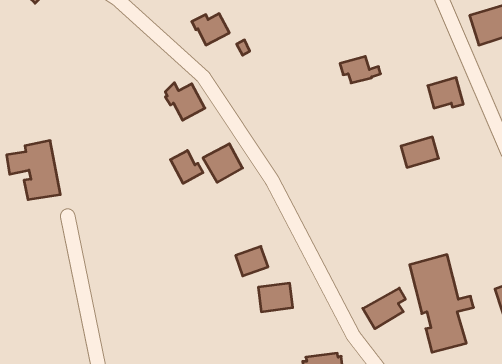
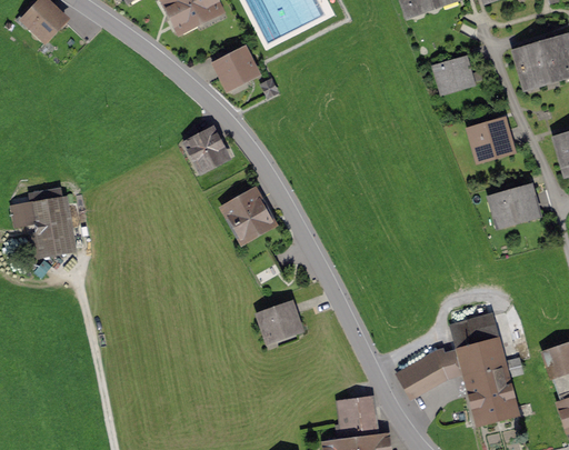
building: [340,56,381,83] -> [437,61,481,90]
building: [401,137,439,167] -> [493,190,535,223]
building: [170,150,203,183] -> none
building: [258,283,293,312] -> [335,397,372,428]

